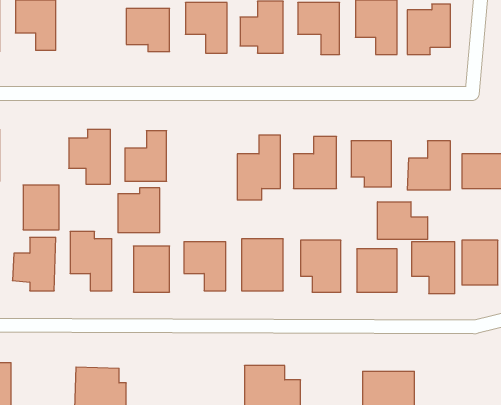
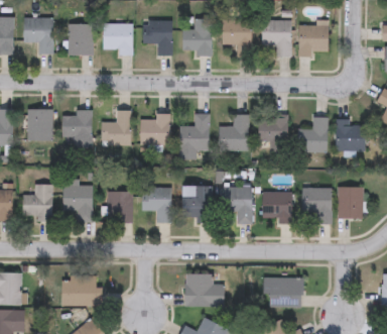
building: none -> [67,24,92,54]
building: [23,185,59,230] -> [27,109,52,140]
building: [118,188,160,233] -> [140,114,169,145]
building: [378,202,428,239] -> none

